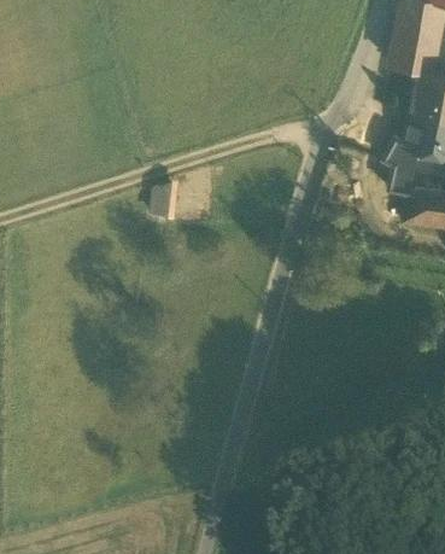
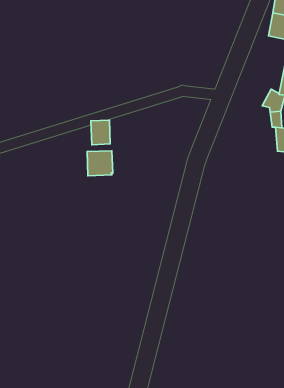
building: none -> [87,151,113,176]

